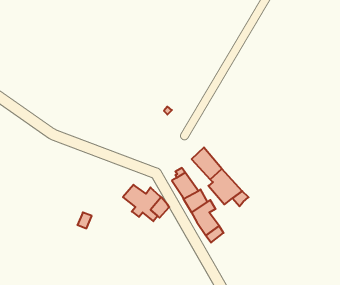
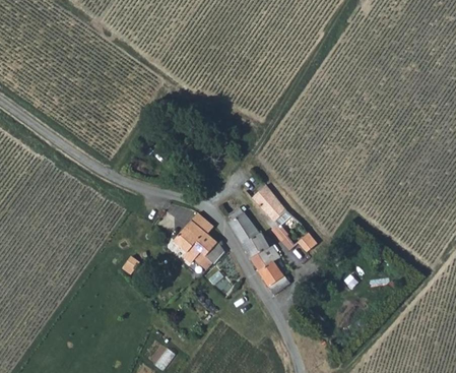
building: none -> [185,209,213,237]

